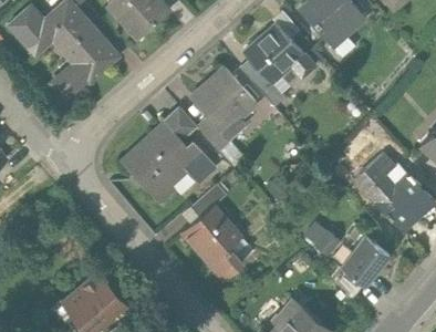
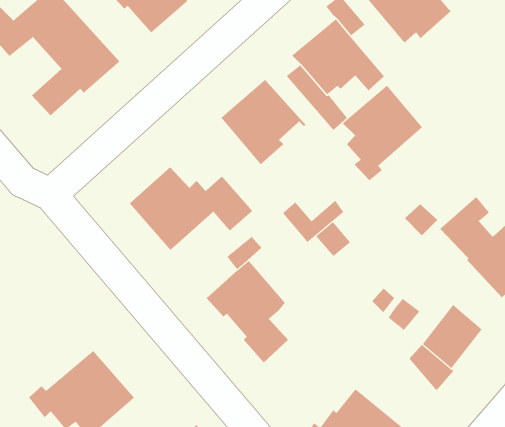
building: none -> [342,85,423,181]
building: [154,108,197,151] -> none
building: [200,118,247,151] -> [282,200,344,243]

